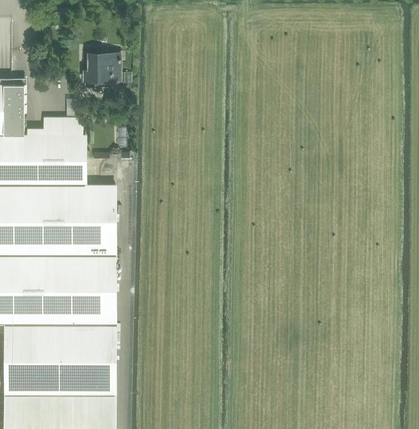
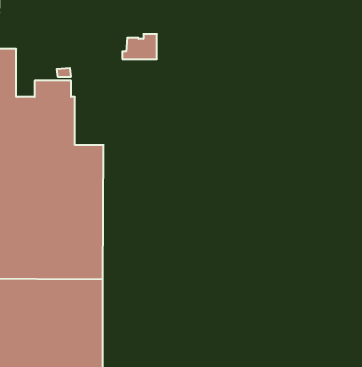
building: [85,54,121,80] -> [122,34,157,59]

